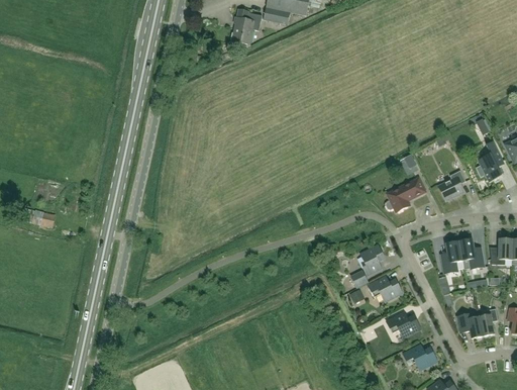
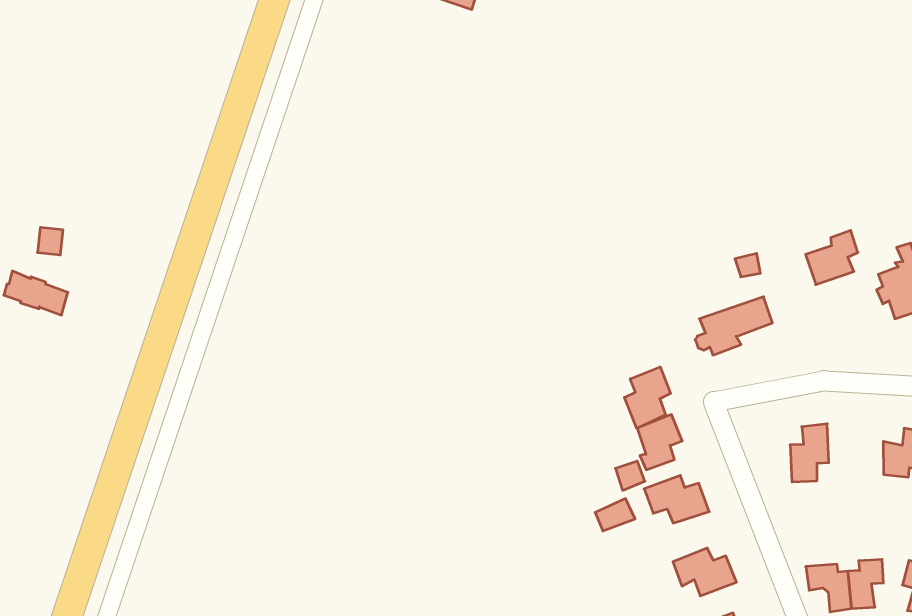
building: [438,170,466,200] -> [806,230,858,285]
building: none -> [624,367,671,428]
building: [459,238,485,270] -> none

